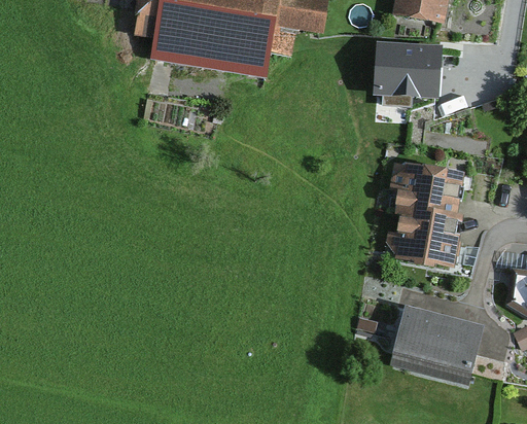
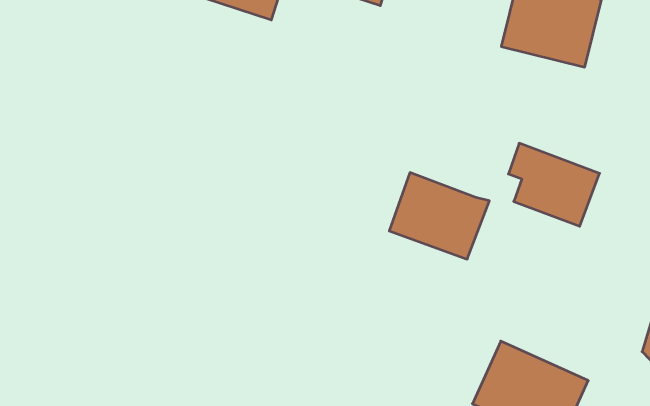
building: [393,205,463,261] -> [389,173,489,259]

